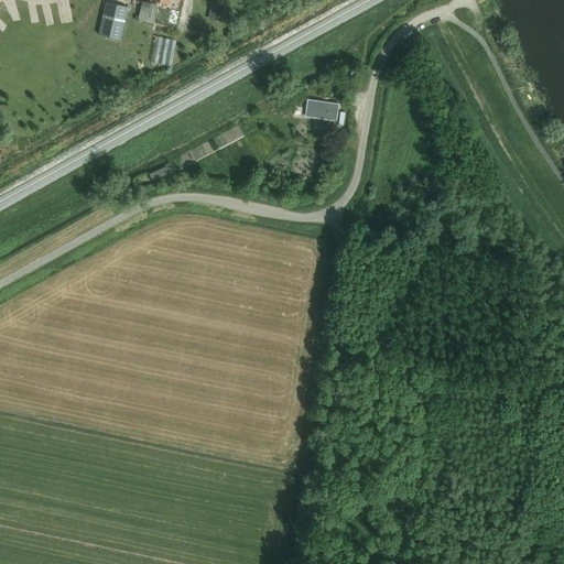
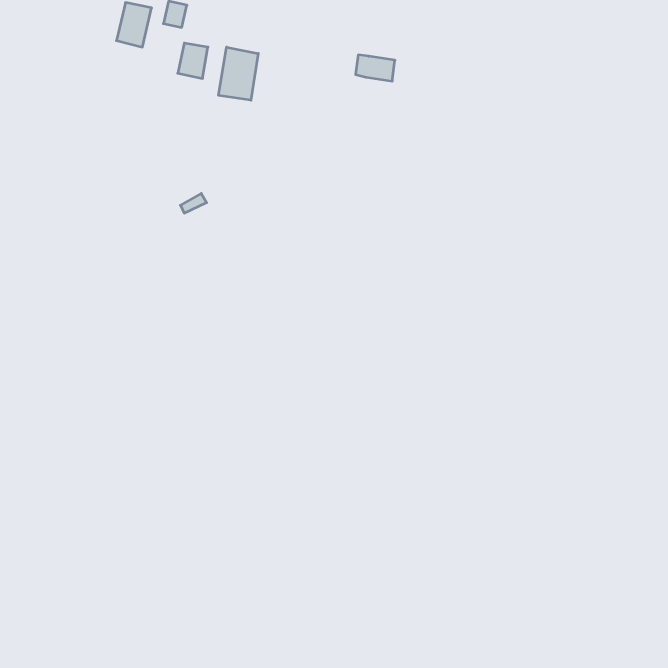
building: none -> [219,47,258,100]
building: [305,99,338,121] -> [356,55,395,81]

